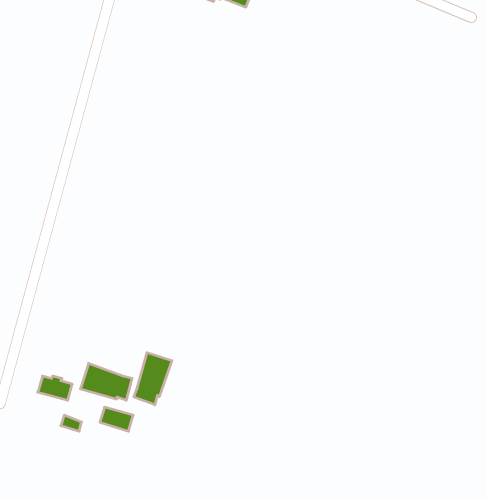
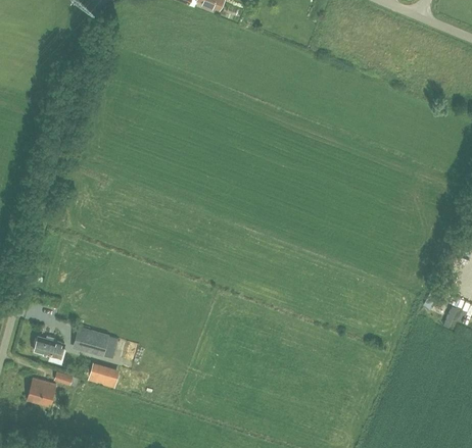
building: [134,353,172,405] -> none
building: none -> [28,379,57,406]

